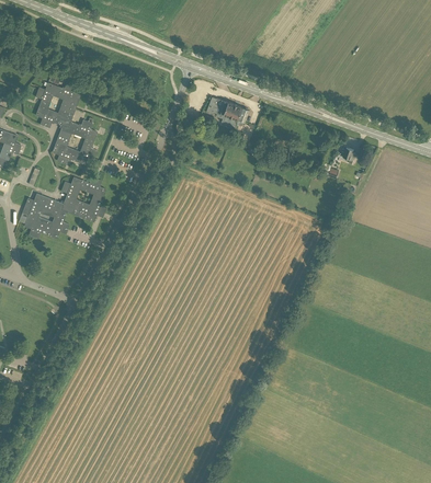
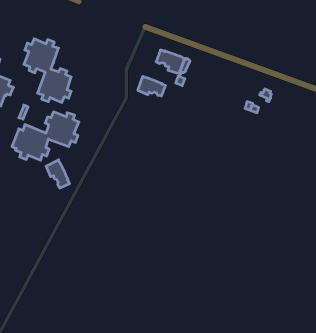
building: none -> [138,76,165,96]
building: none -> [46,160,69,188]

